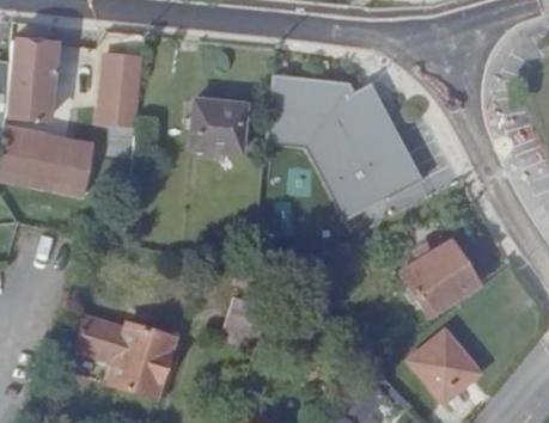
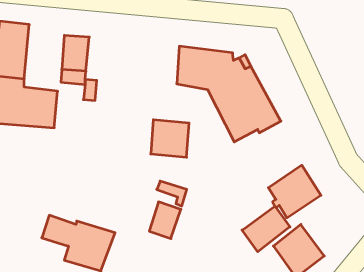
building: [191,99,246,153] -> [151,120,189,157]
building: none -> [242,206,290,252]

